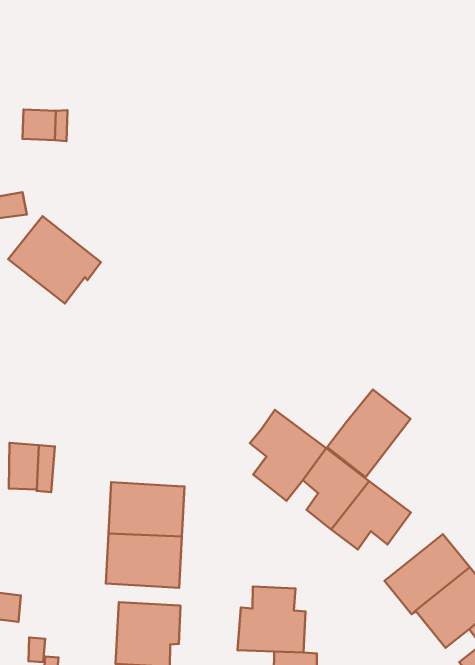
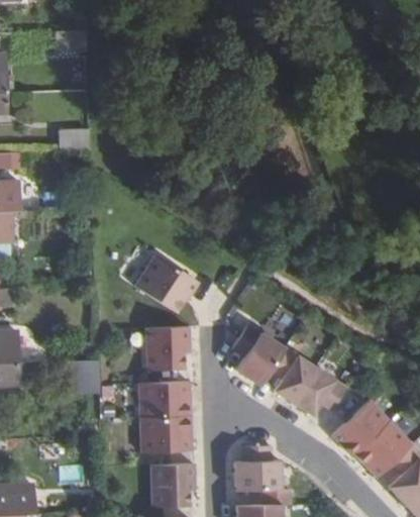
building: [8,216,101,303] -> [135,253,199,312]
building: [327,390,410,478] -> none
building: none -> [146,325,190,369]

